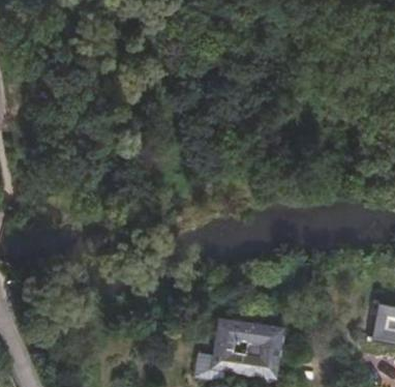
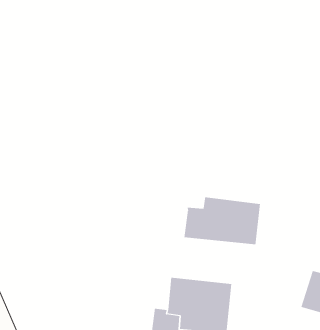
building: none -> [184,197,261,245]

